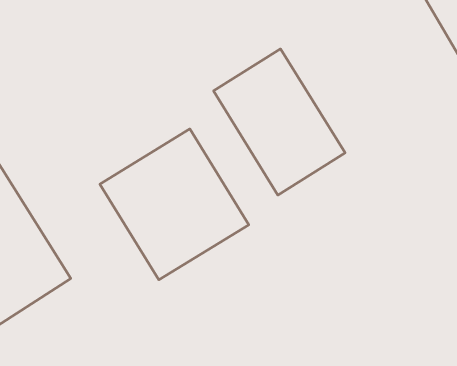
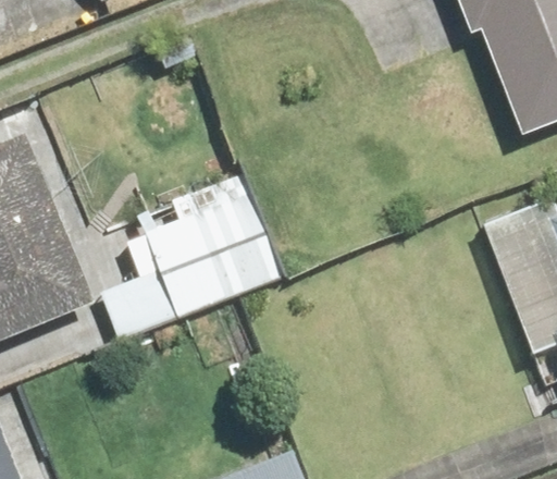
building: [213,49,345,195] -> none

